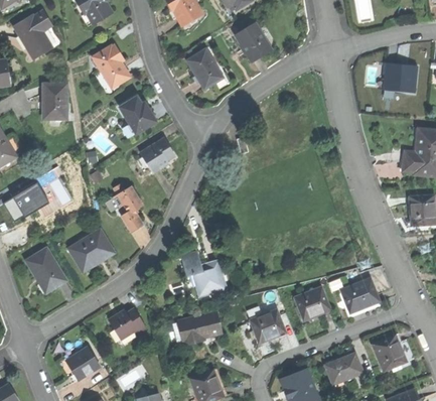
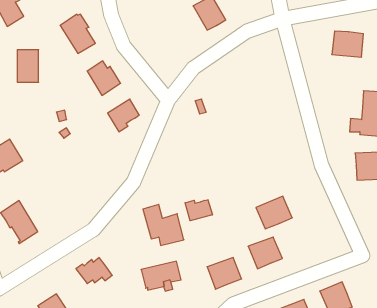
building: [185,49,222,89] -> none
building: [114,181,145,231] -> none
building: [68,228,116,268] -> none
building: none -> [185,200,212,221]
building: [340,278,380,313] -> [256,196,292,229]

